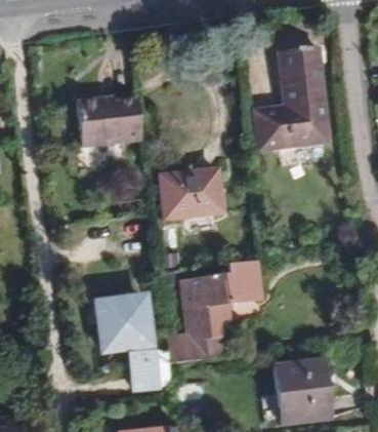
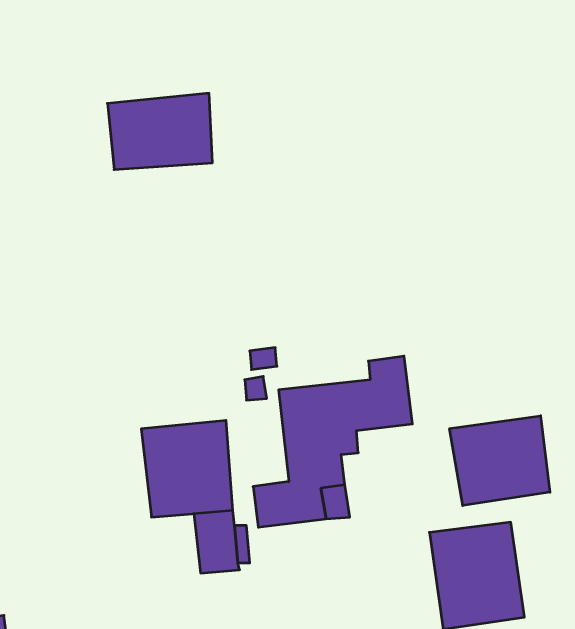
building: [253,46,329,149] -> none
building: [161,170,222,217] -> none
building: none -> [450,416,550,506]

